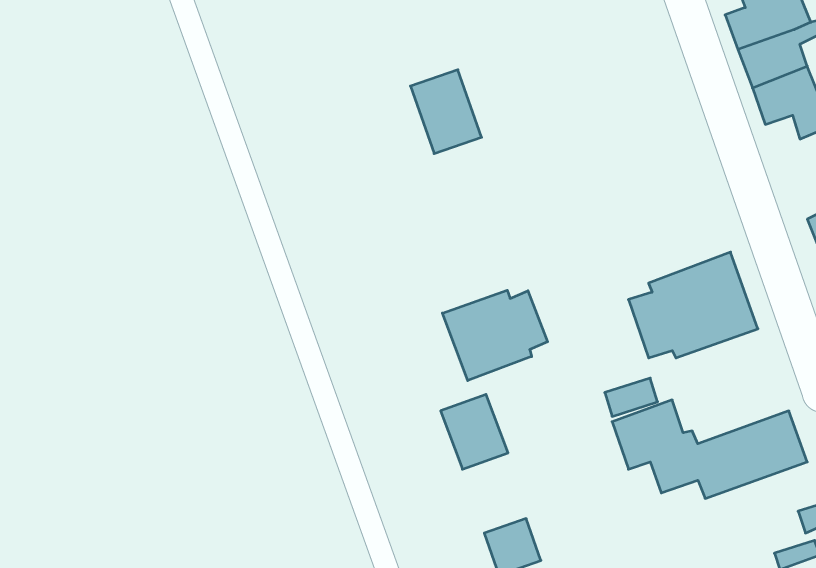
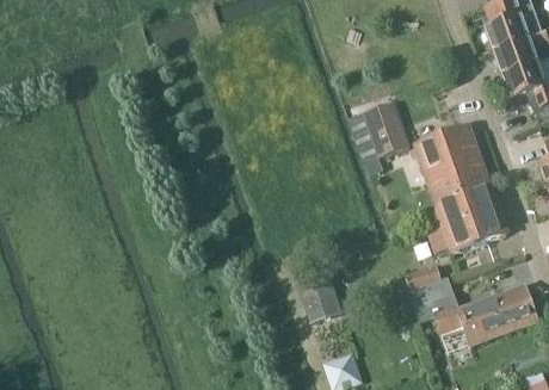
building: [410,70,482,154] -> [362,101,408,156]
building: none -> [414,124,488,202]
building: [442,290,548,381] -> none

